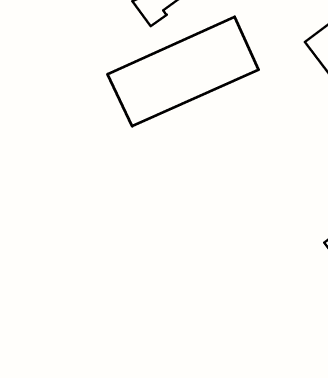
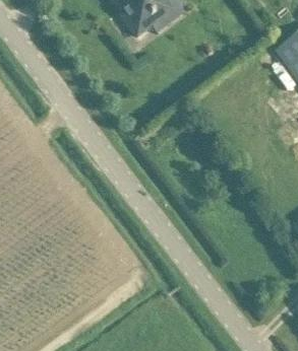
building: [108,17,259,126] -> none

